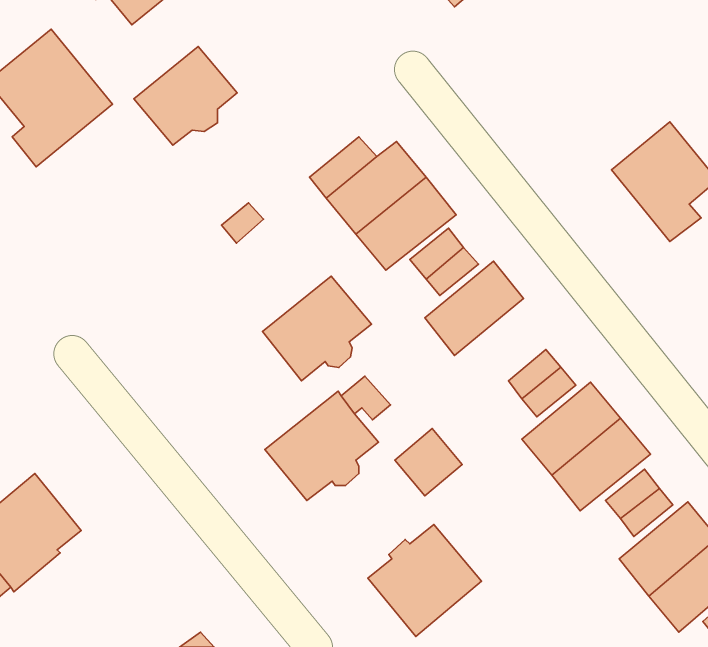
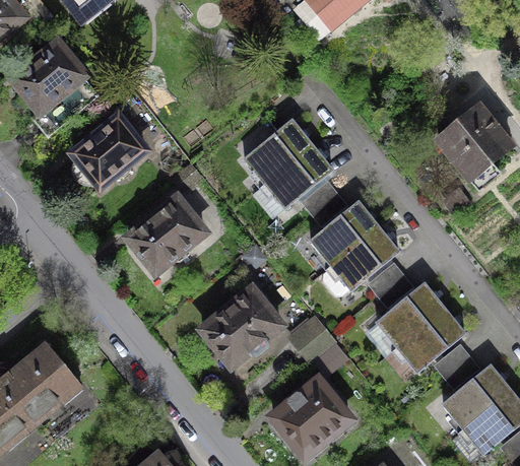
building: [134,46,237,145] -> [72,117,142,184]
building: [262,276,372,381] -> [128,198,202,269]
building: none -> [330,225,397,288]

